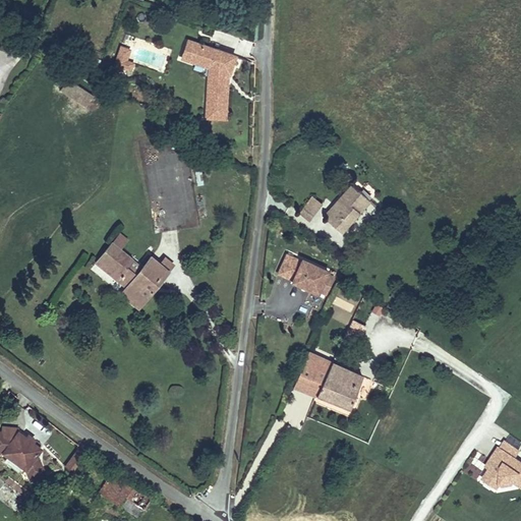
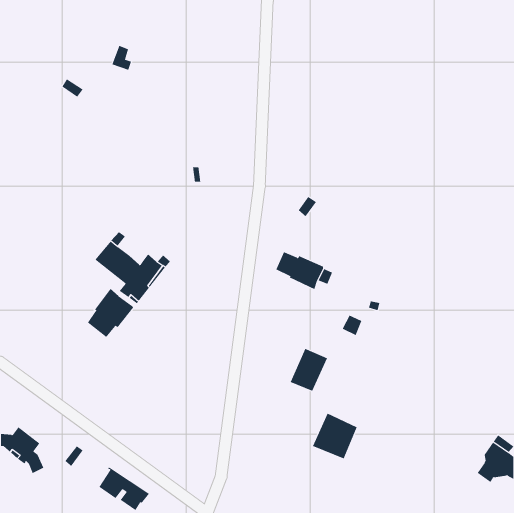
building: [190,44,236,121] -> none
building: [326,186,371,234] -> none
building: none -> [87,288,134,338]
building: [316,363,362,410] -> [312,413,357,459]

